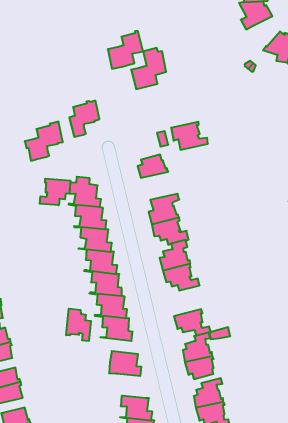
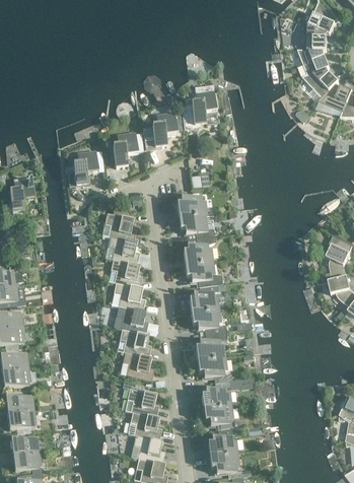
building: none -> [302,67,339,100]
building: [108,31,143,69] -> [142,112,178,147]
building: [171,122,208,150] -> [179,212,214,238]
building: [40,179,70,205] -> none
building: none -> [195,331,227,359]
building: [66,309,91,341] -> none
building: none -> [128,411,161,439]

